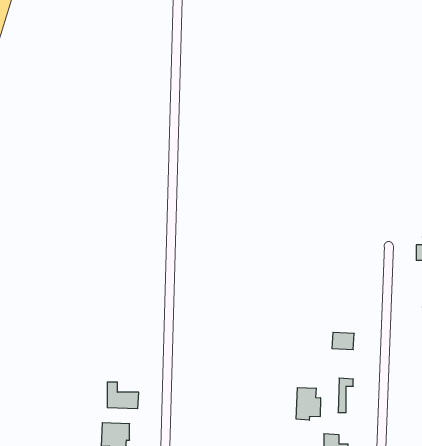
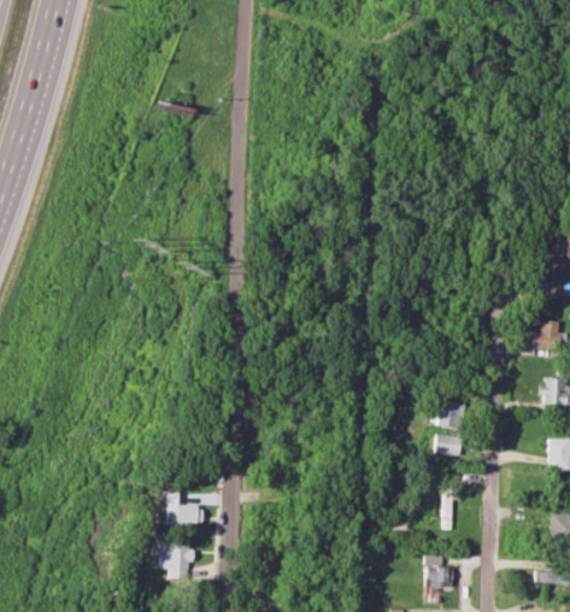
building: none -> [437,400,463,428]
building: [296,388,320,420] -> none

